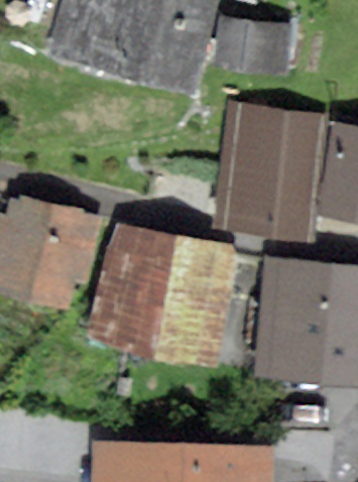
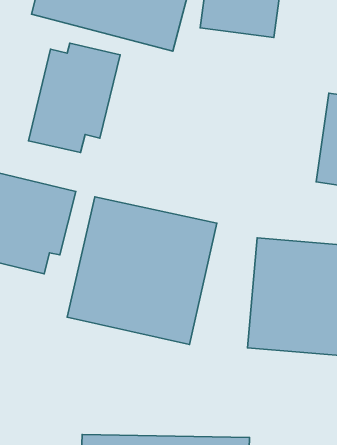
building: none -> [28,43,120,152]
building: [223,105,321,234] -> none

